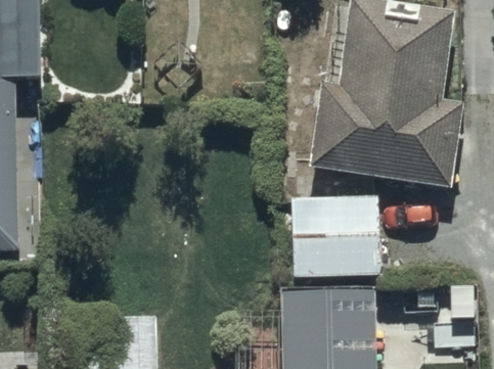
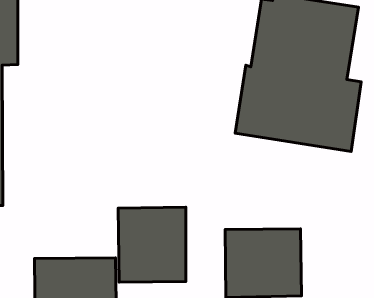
building: [289,194,387,274] -> none
building: none -> [118,207,186,282]

